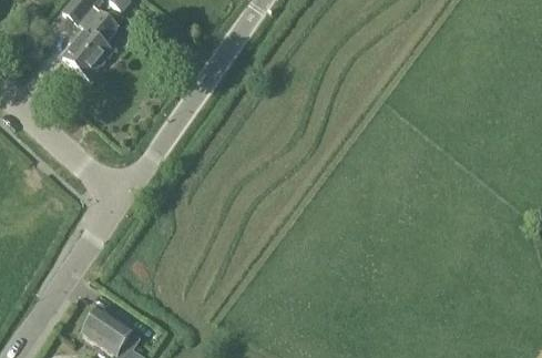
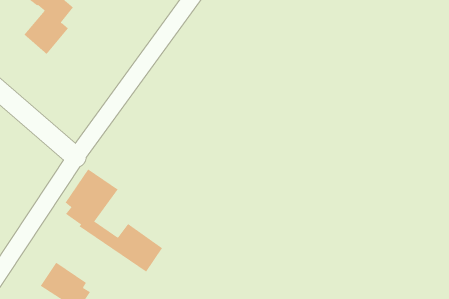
building: none -> [65,168,163,272]

